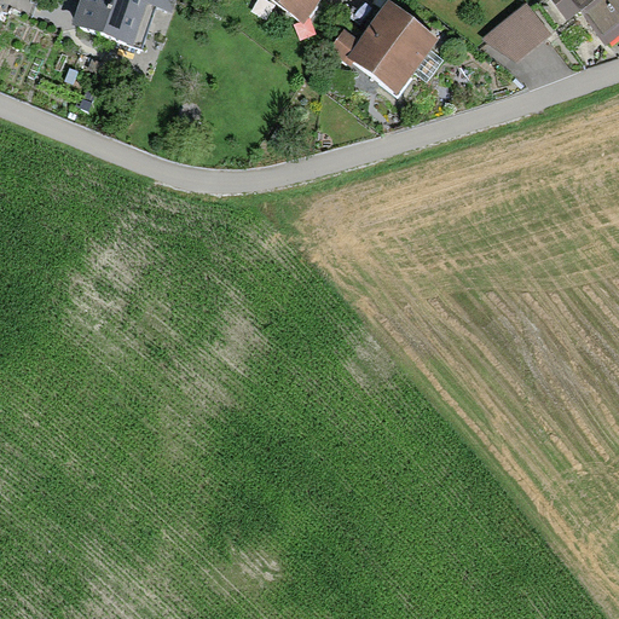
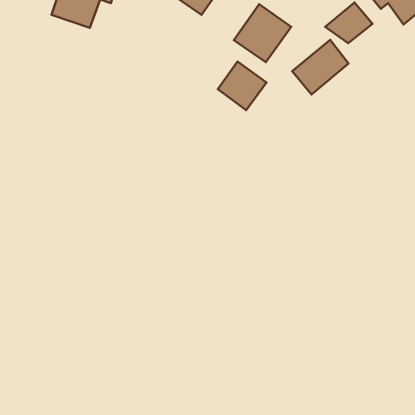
building: none -> [292,40,349,94]
building: none -> [218,62,266,110]

